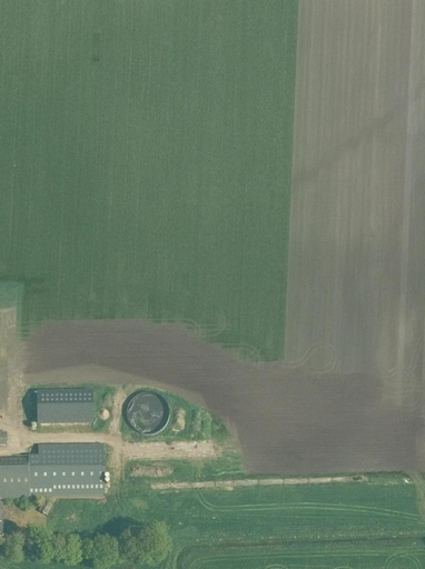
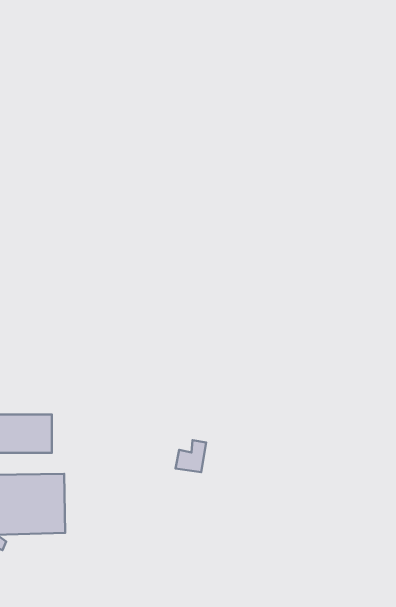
building: [137,399,165,428] -> [175,440,206,472]

